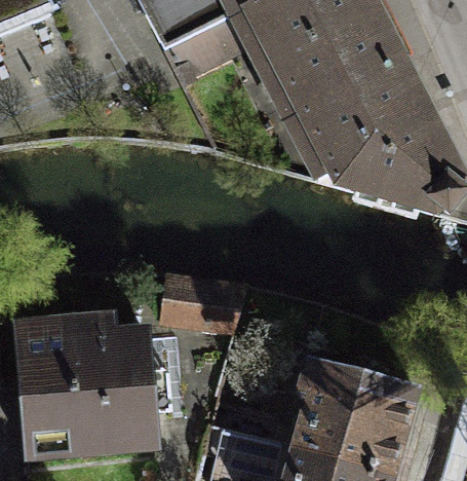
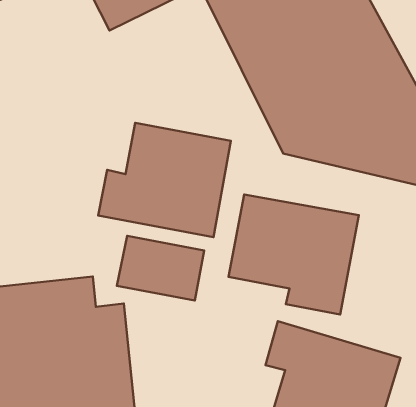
building: none -> [98,123,231,237]
building: none -> [229,194,359,315]

